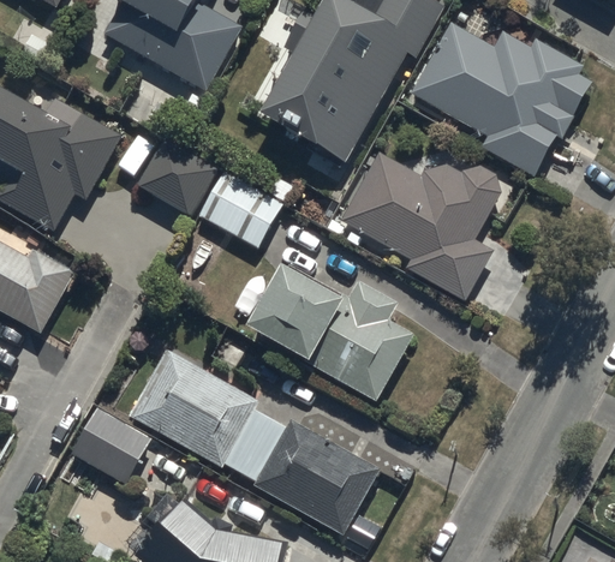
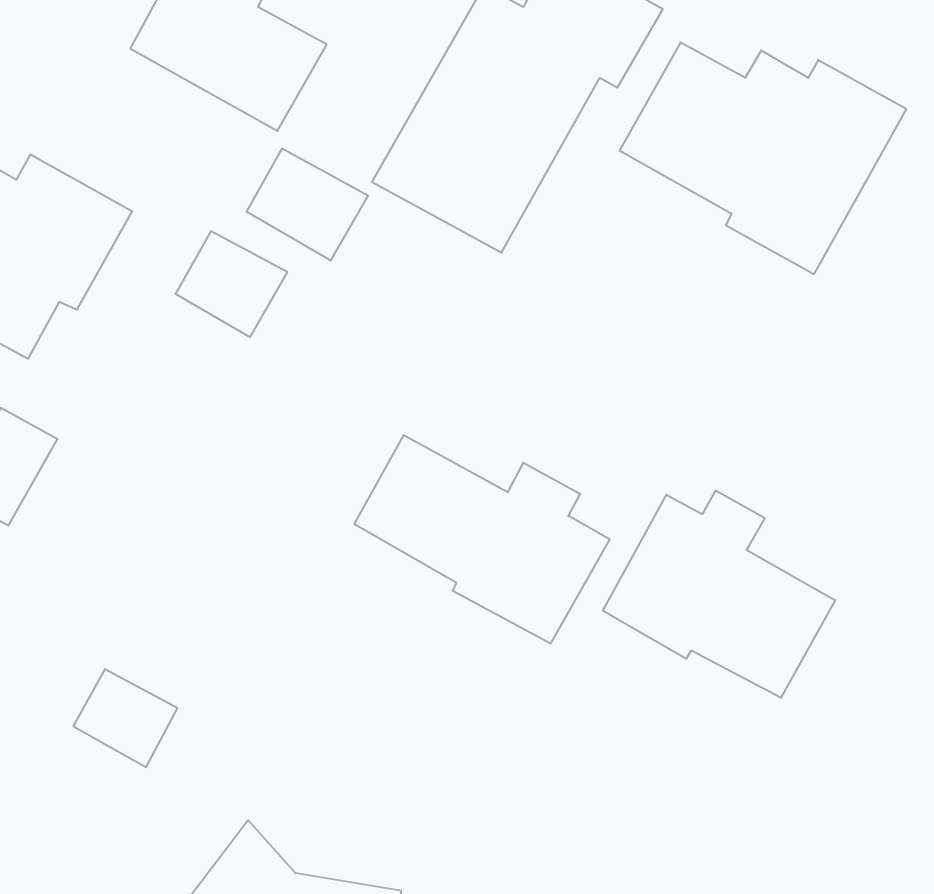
building: [346,159,498,295] -> none
building: [203,175,277,244] -> [246,149,368,261]
building: none -> [603,490,835,698]
building: [133,359,371,528] -> none

